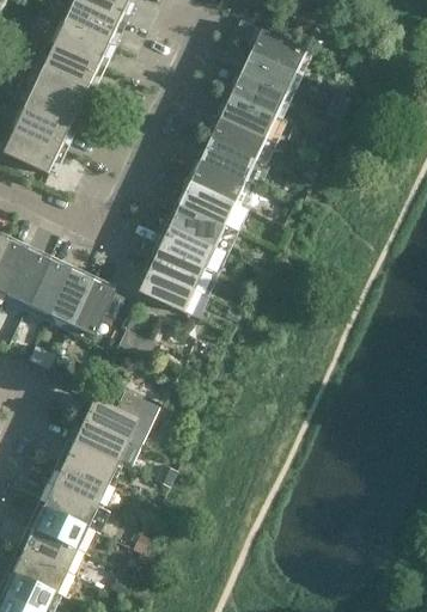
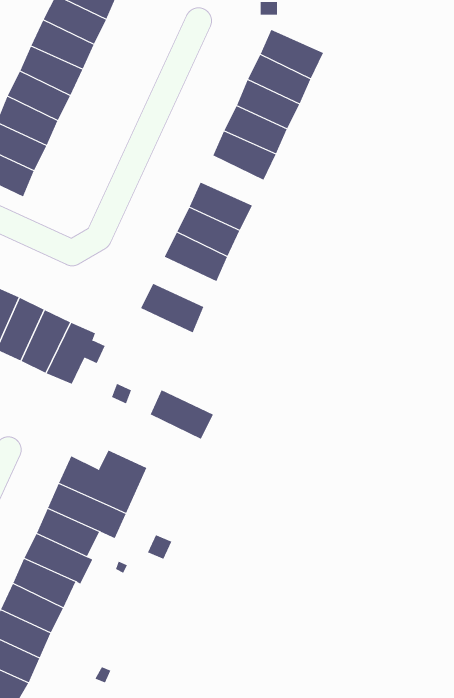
building: [201,136,256,179] -> none
building: [160,224,215,267] -> none
building: [140,268,195,311] -> [150,390,214,440]

